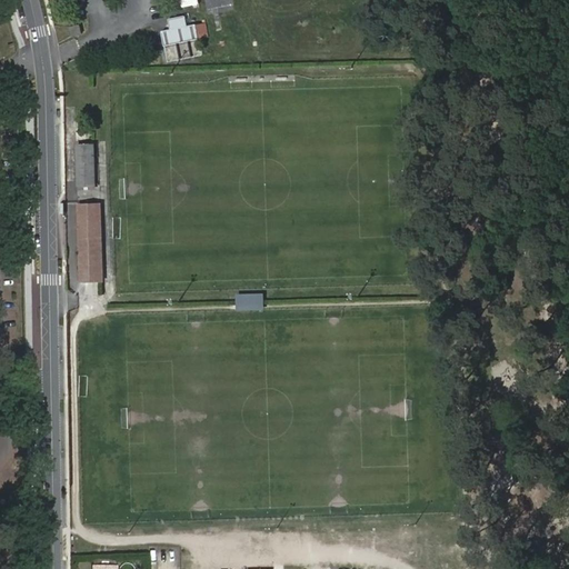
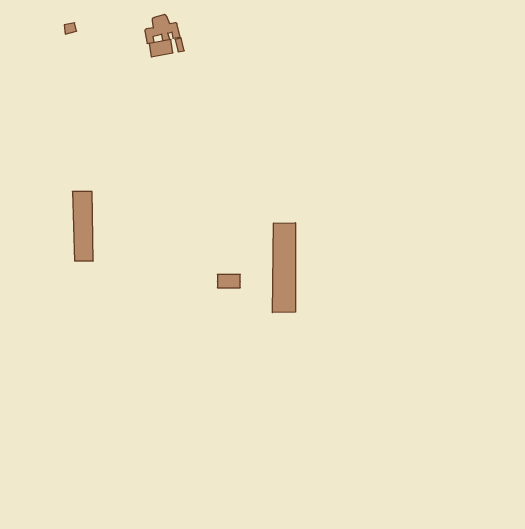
building: [77,143,93,187] -> none
building: none -> [272,223,295,313]

